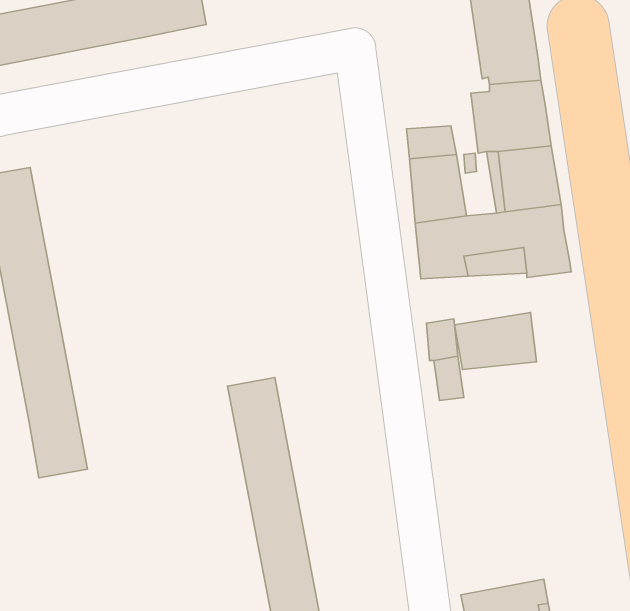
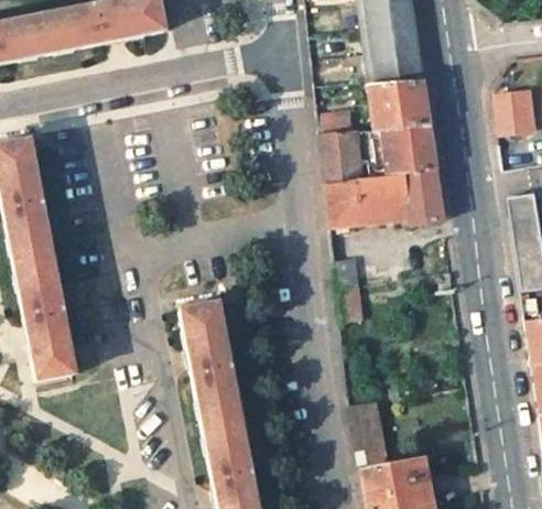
building: [454,312,536,369] -> none
building: none -> [348,397,390,463]

